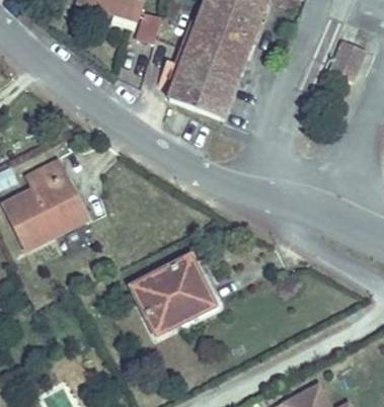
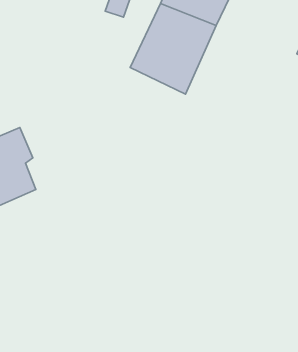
building: [134,255,217,334] -> none

